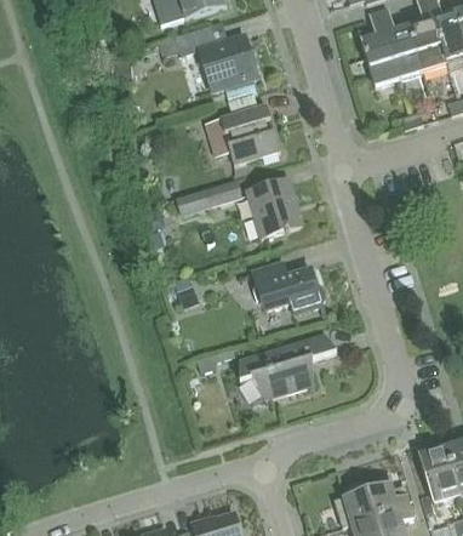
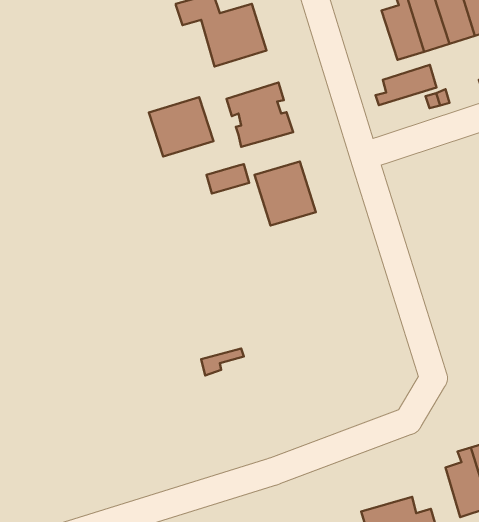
building: none -> [376,65,437,105]
building: none -> [149,97,214,157]
building: [251,261,324,312] -> none
building: [238,332,335,397] -> none

